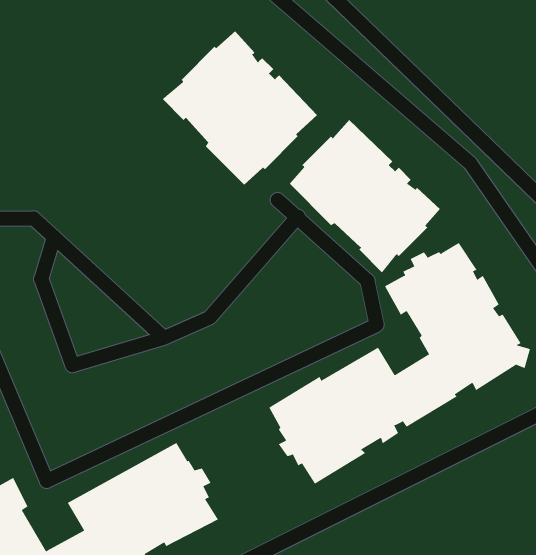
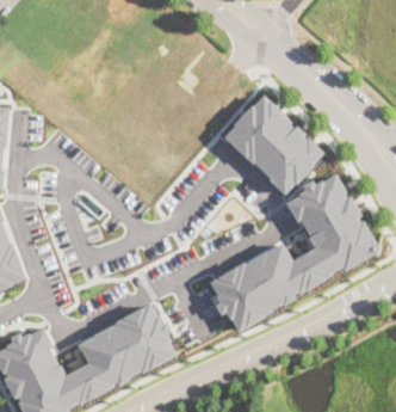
building: [162,30,318,185] -> none

